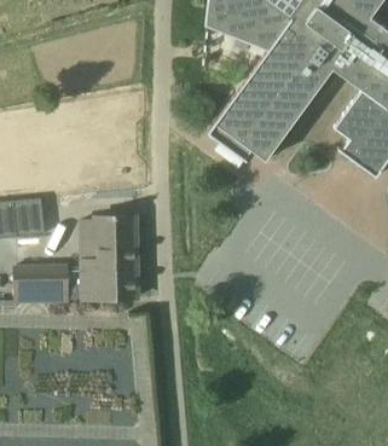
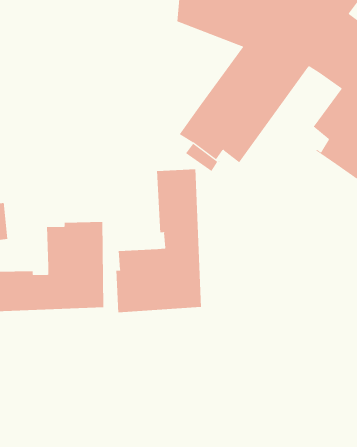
building: none -> [116,169,201,313]

